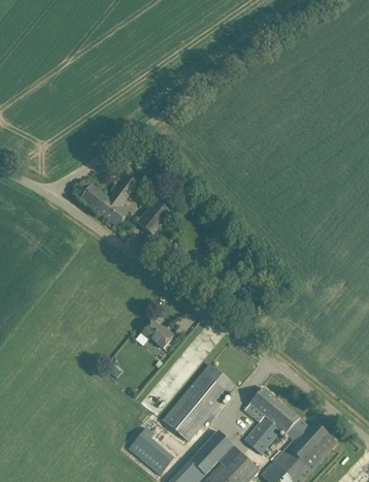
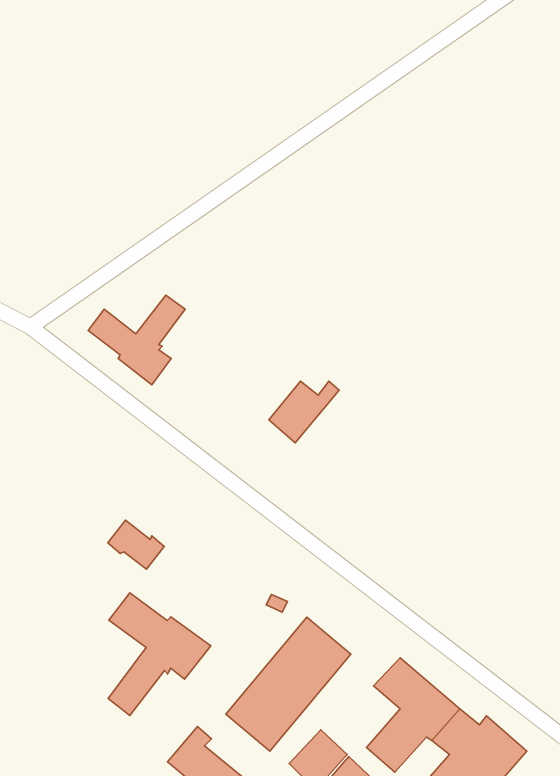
building: [136,199,177,235] -> [269,381,339,443]
building: [140,319,173,348] -> [108,520,164,569]
building: none -> [108,593,211,716]

